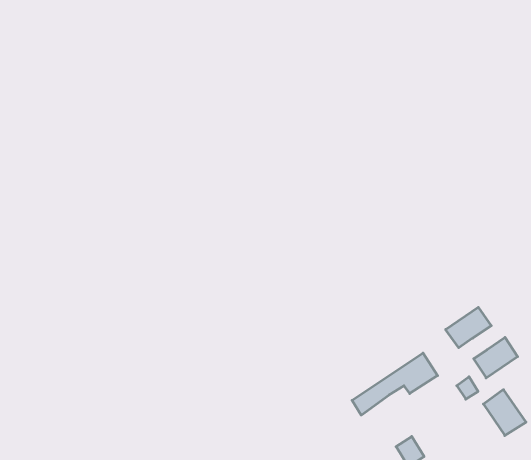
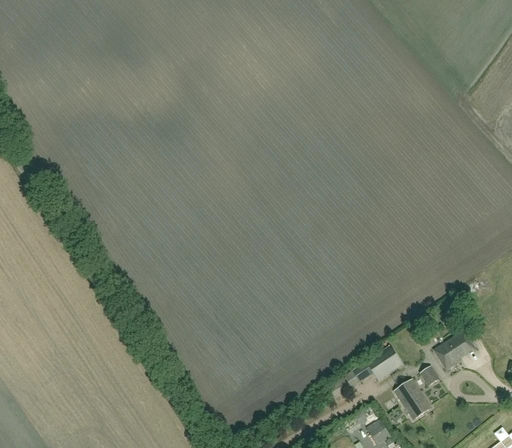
building: [446,307,491,348] -> none
building: [483,390,526,436] -> [393,379,431,420]

